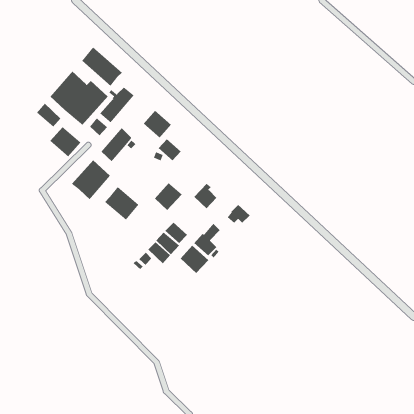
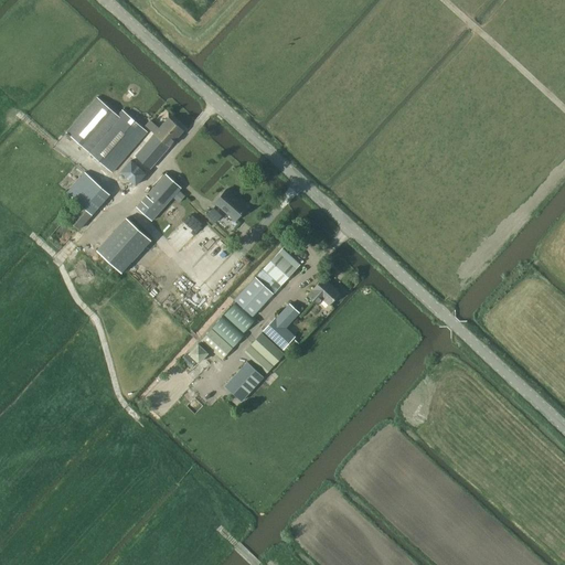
building: [82,47,123,86] -> none
building: [36,103,61,127] -> none
building: [143,110,172,138] -> none
building: [154,182,182,211] -> [235,277,274,316]
building: [104,186,139,220] -> none
building: none -> [225,361,264,402]

